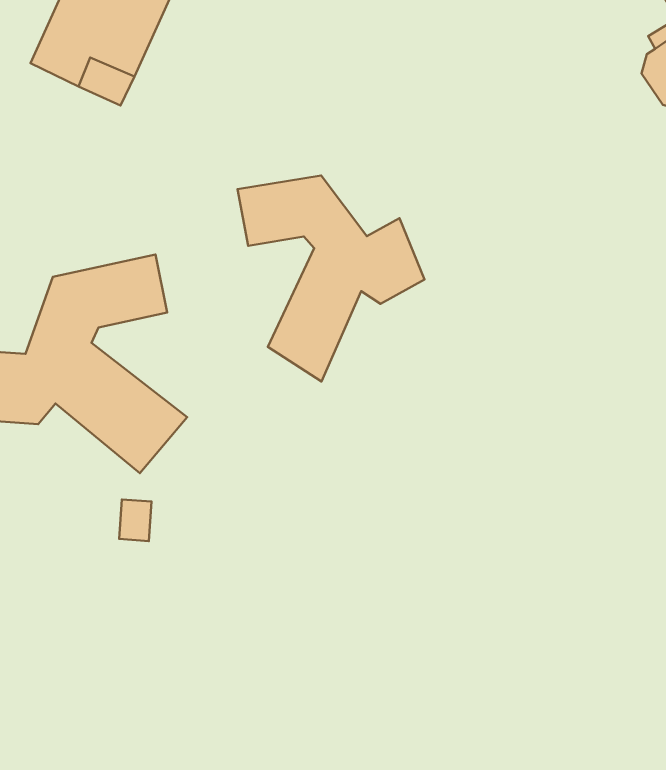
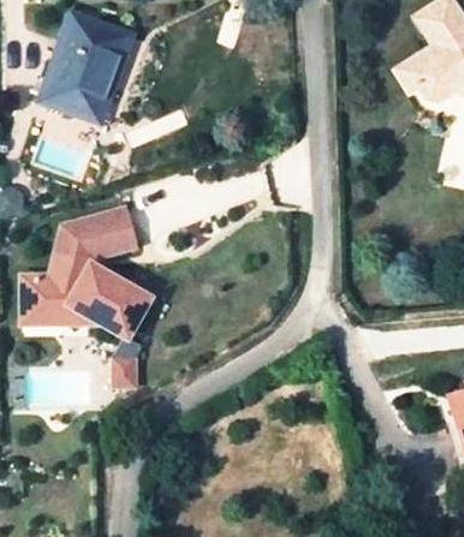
building: [238,175,424,382] -> none

